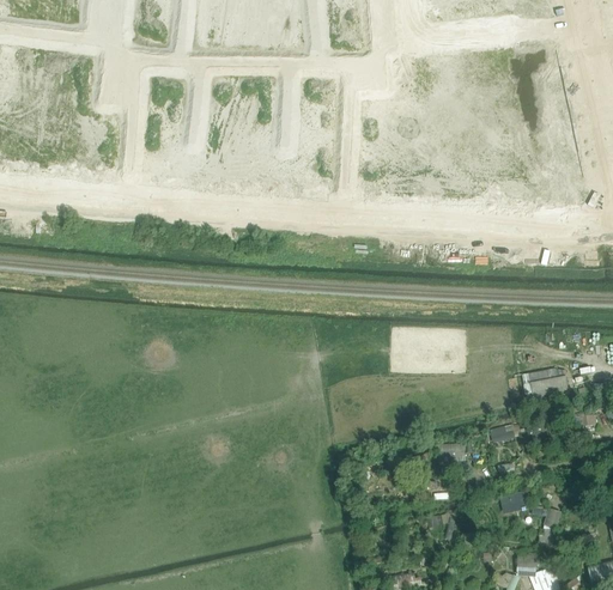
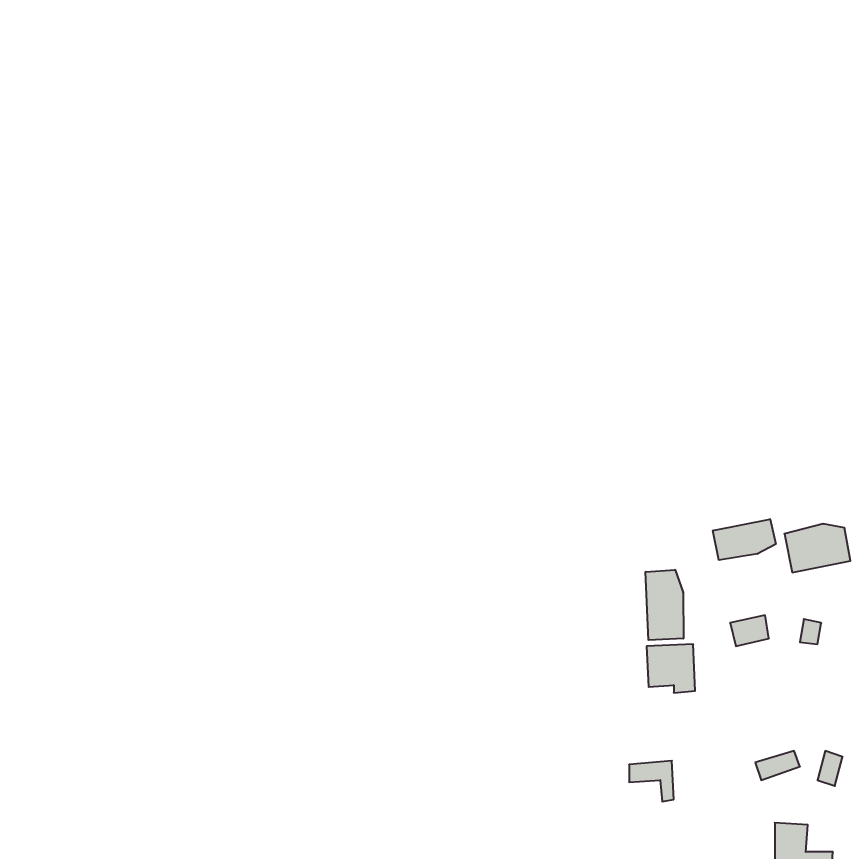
building: none -> [713,519,776,560]
building: none -> [646,570,683,640]

